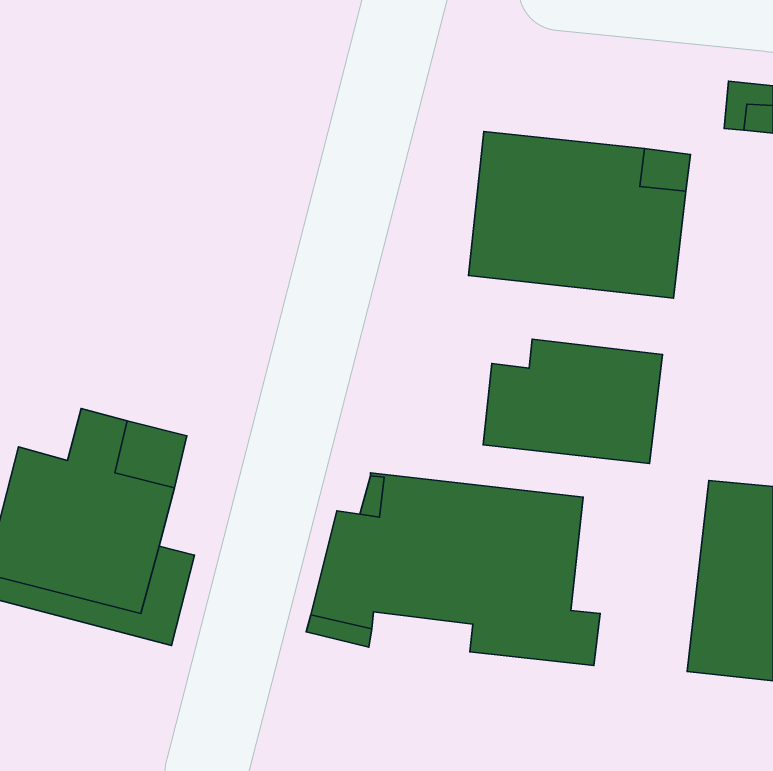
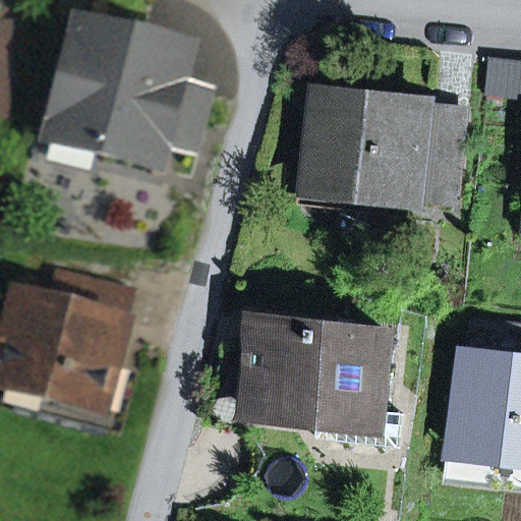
building: none -> [47,21,206,164]
building: [483,339,662,463] -> none

